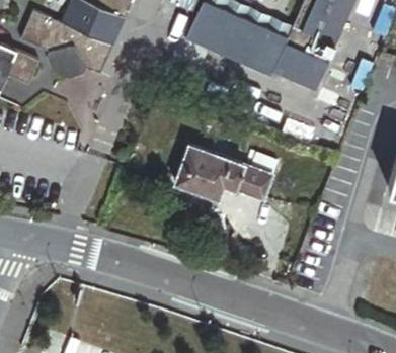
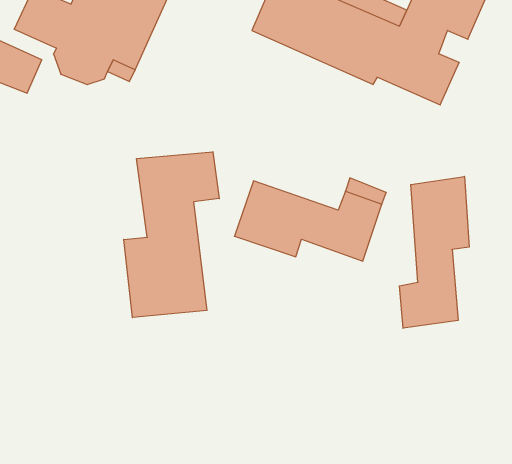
building: none -> [124,152,219,318]
building: none -> [399,176,469,328]

